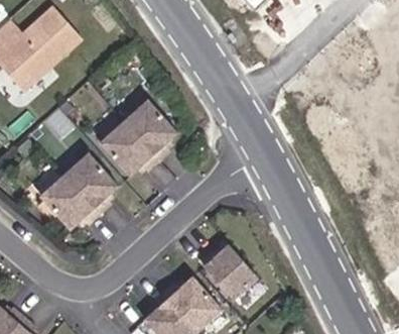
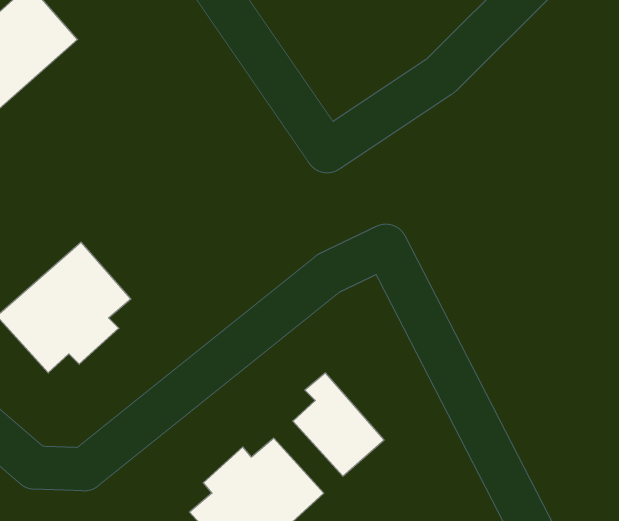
building: [95,103,173,180] -> none

